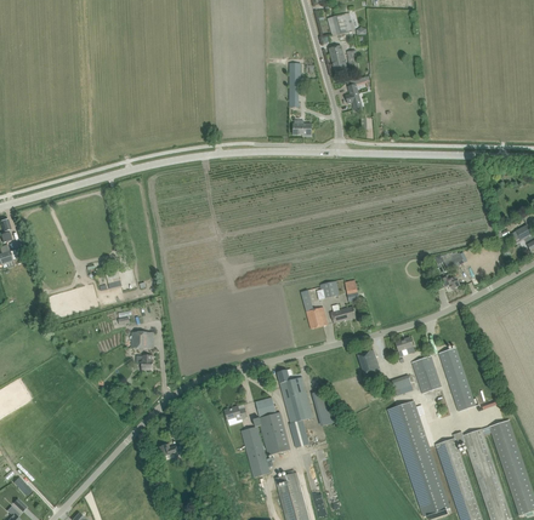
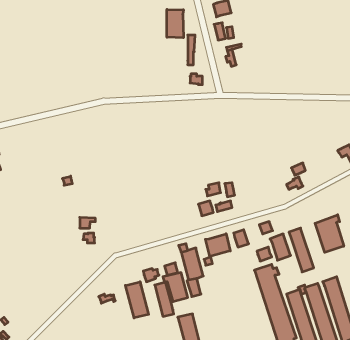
building: none -> [167,9,183,38]
building: none -> [315,215,344,252]
building: none -> [205,234,230,256]
building: none -> [125,282,149,318]

